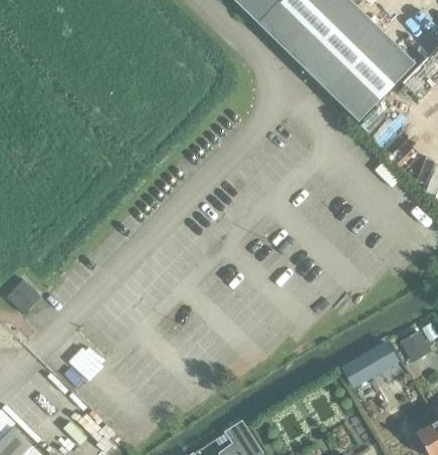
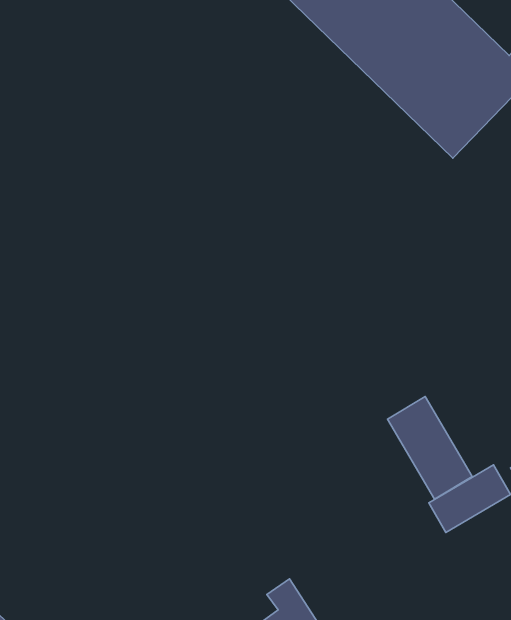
building: none -> [387,396,472,499]

